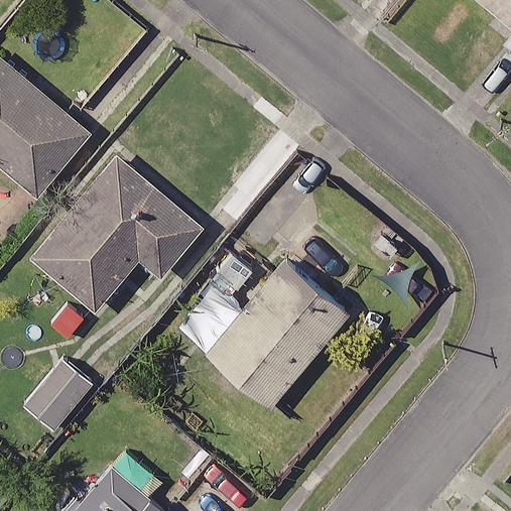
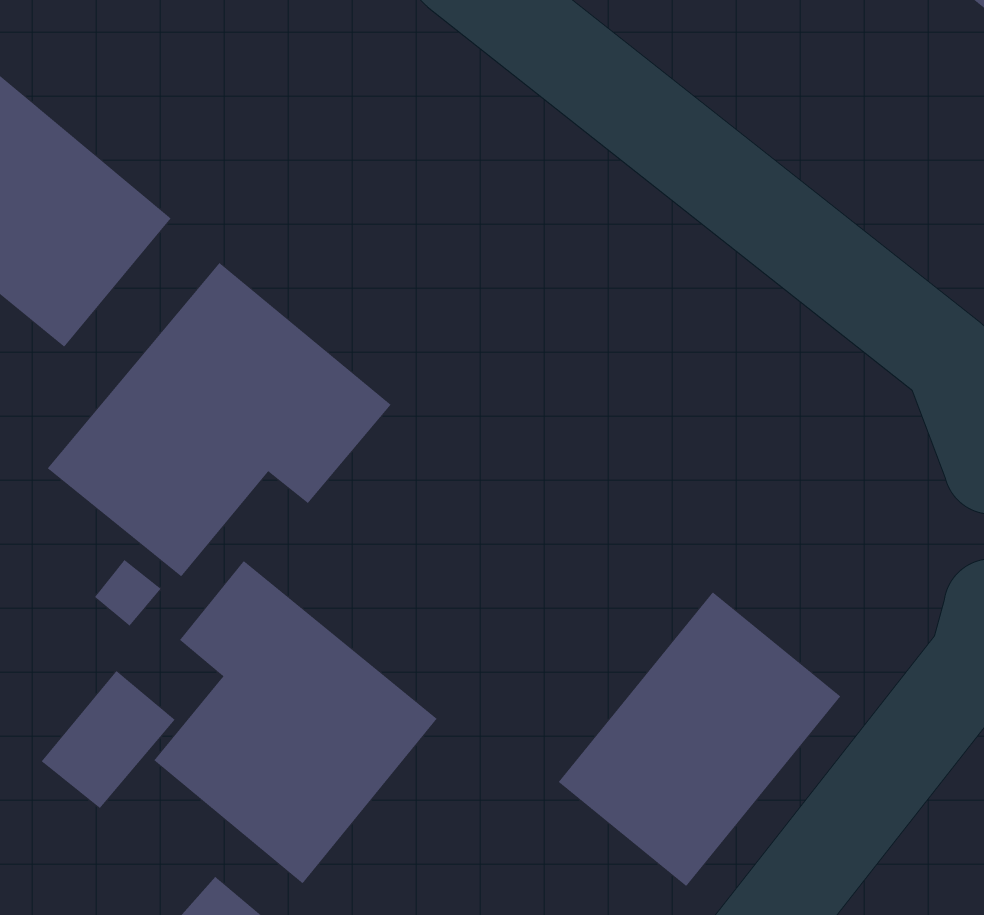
building: [205,259,349,409] -> [558,592,841,887]
building: none -> [154,560,437,884]

